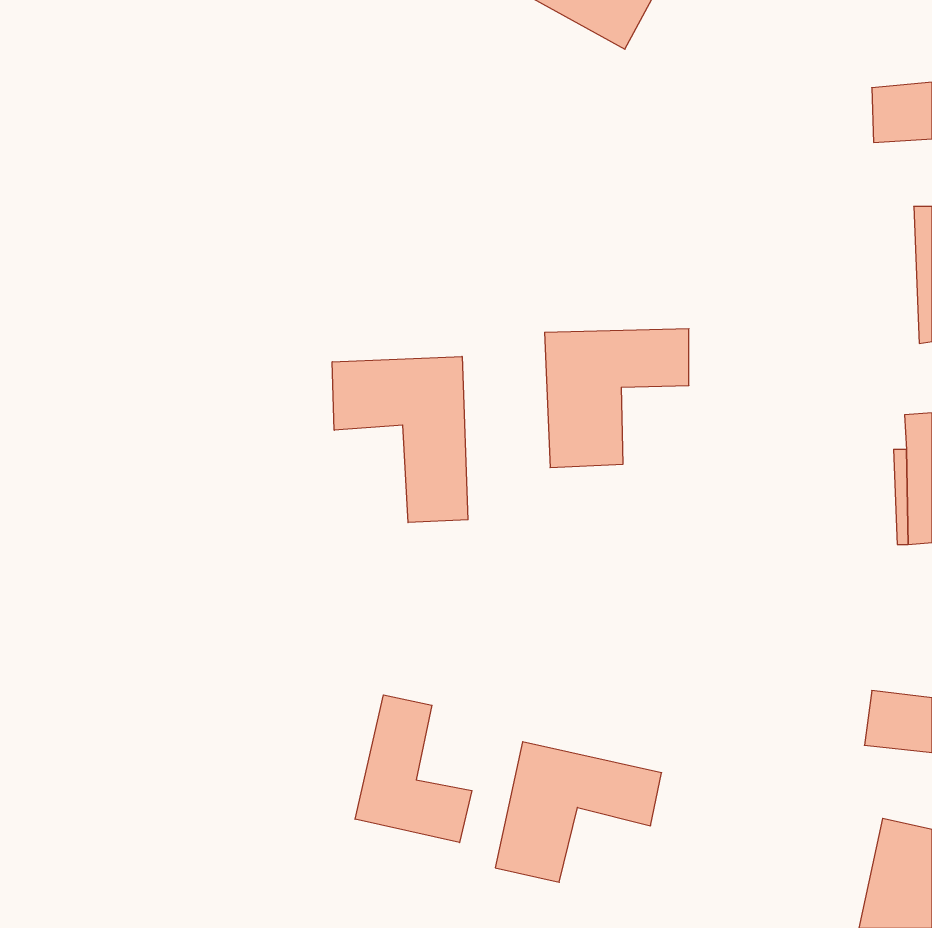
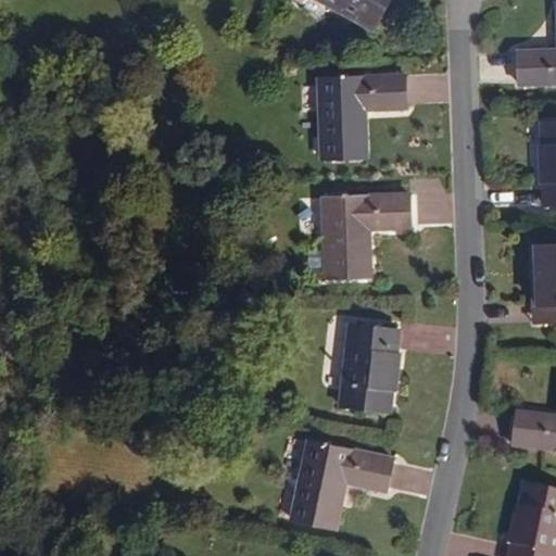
building: none -> [315,76,406,160]
building: [332,356,468,523] -> none
building: none -> [341,325,399,412]
building: [355,695,472,843] -> none

